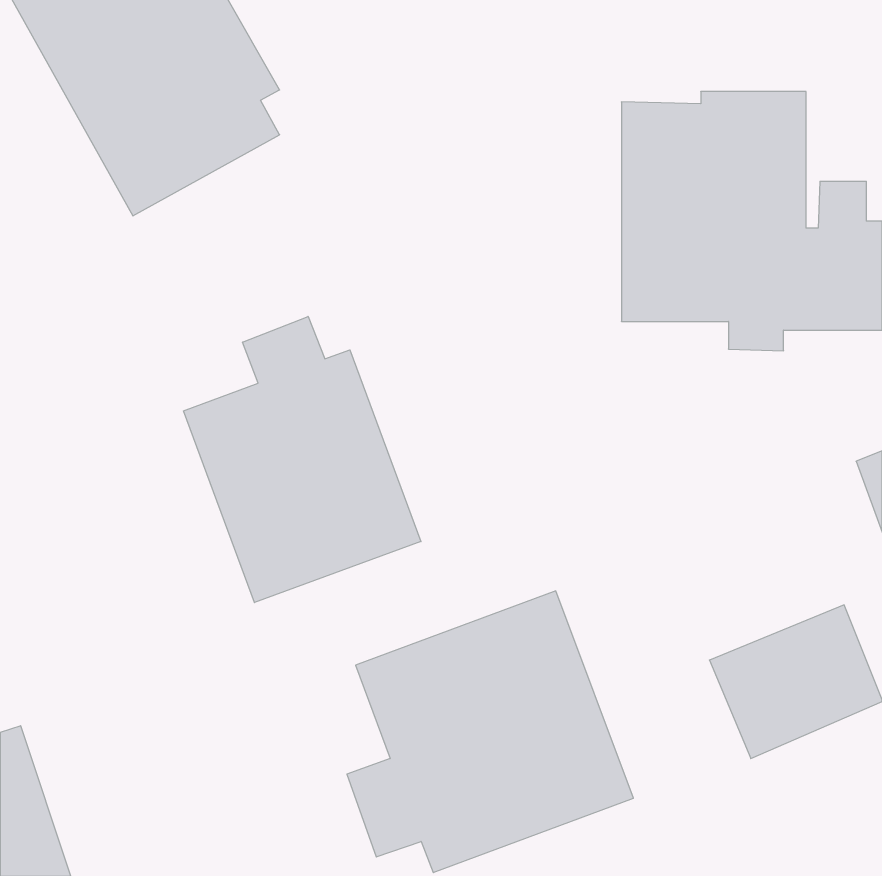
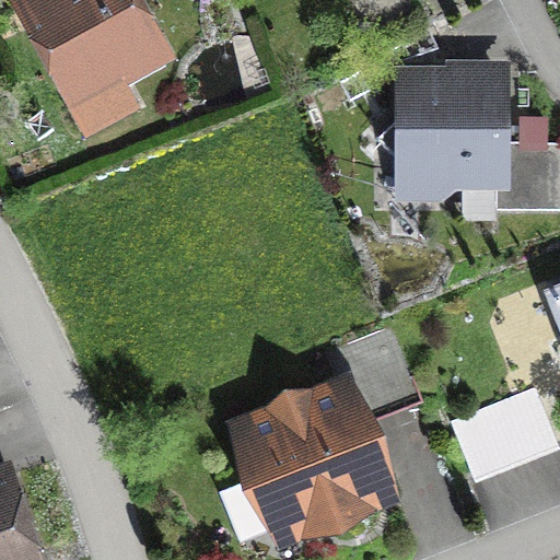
building: [183,316,421,603] -> none

